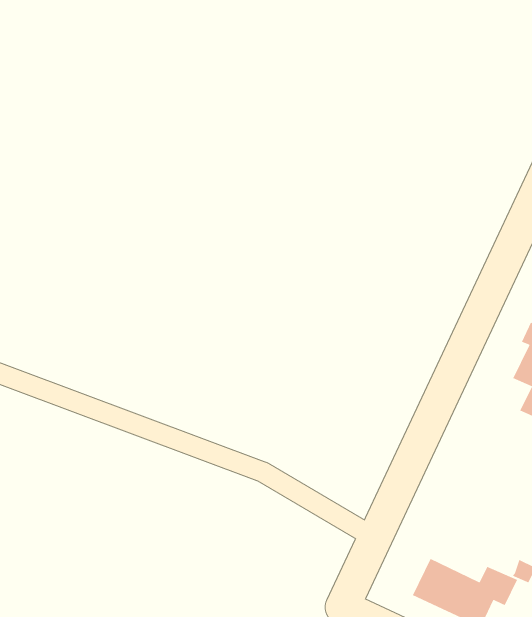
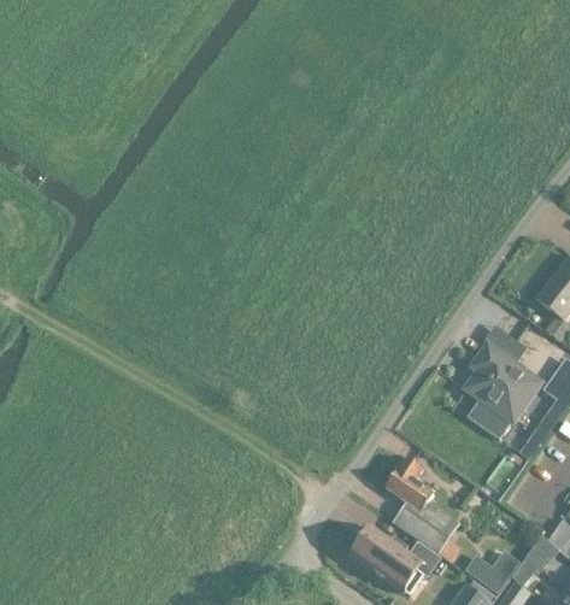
building: none -> [386,458,441,540]

